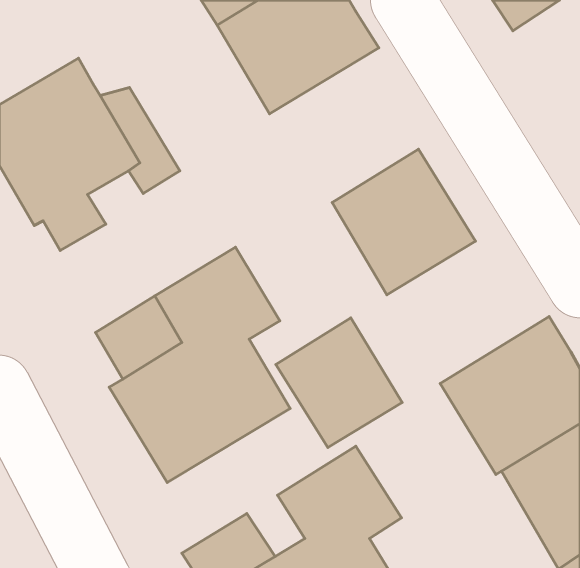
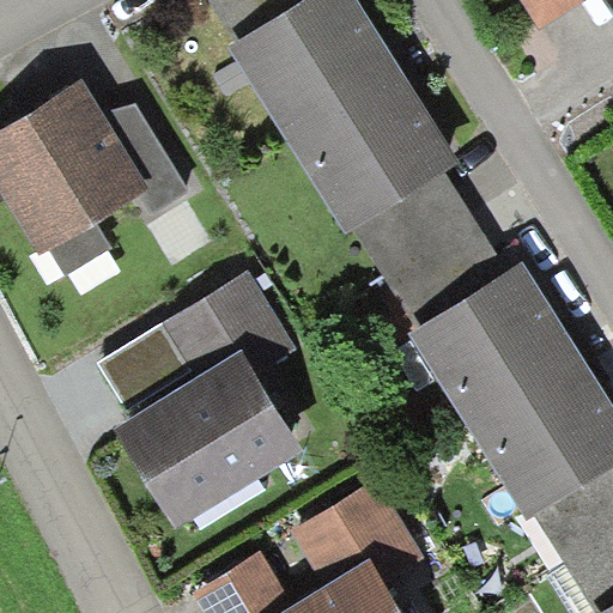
building: none -> [284,65,457,231]
building: none -> [407,255,578,418]
building: [276,318,402,448] -> none

